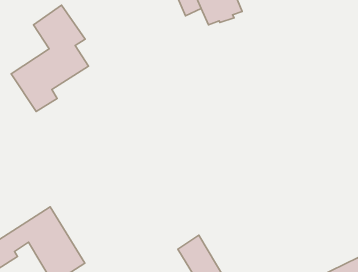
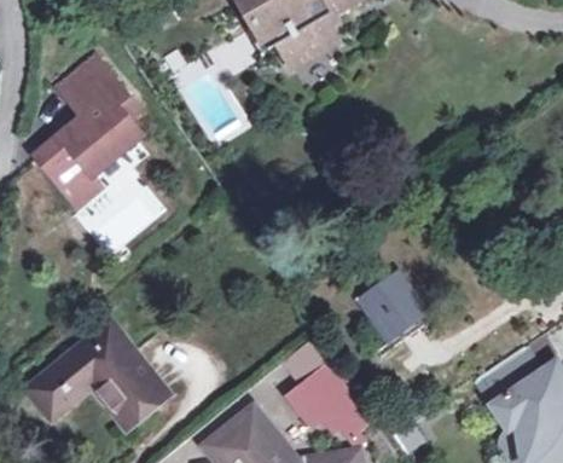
building: none -> [365,277,418,331]

